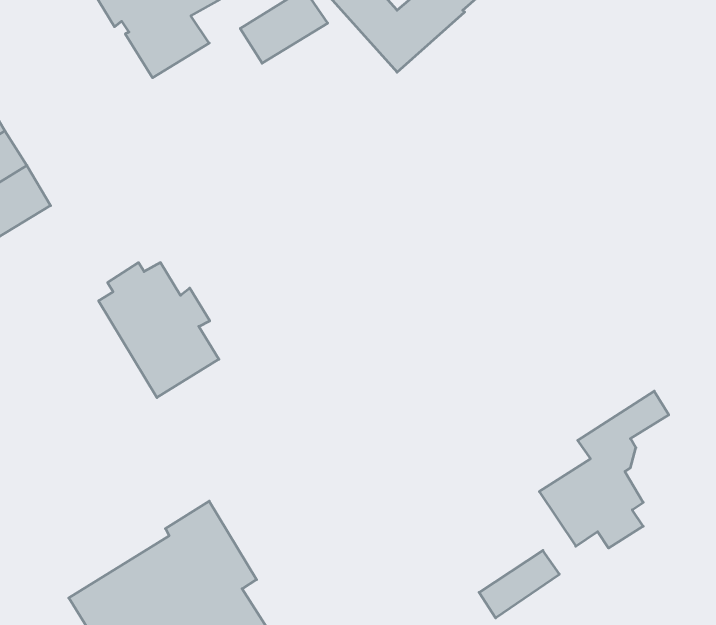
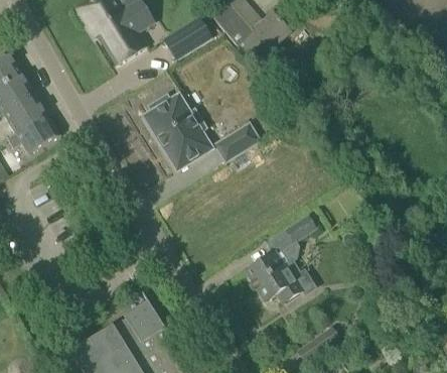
building: none -> [214,123,259,161]
building: [99,263,219,398] -> [144,95,210,169]
building: [539,391,669,548] -> [245,216,316,302]

